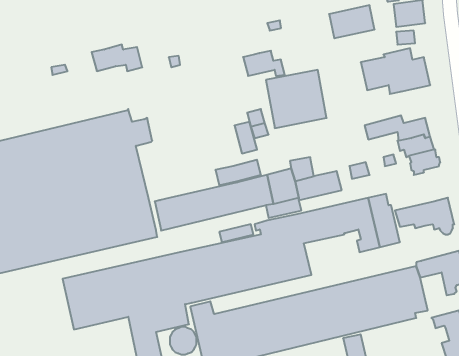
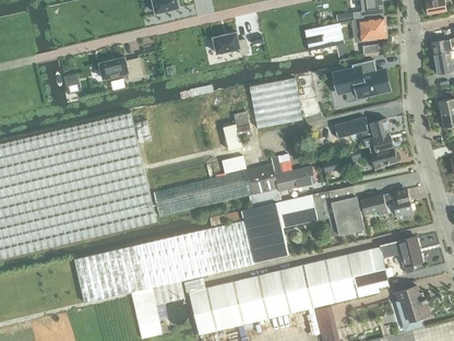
building: [243,51,285,76] -> [212,32,248,54]

